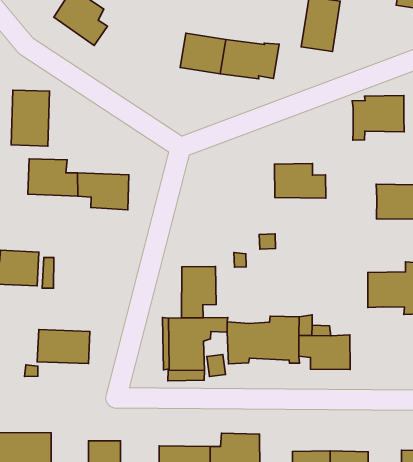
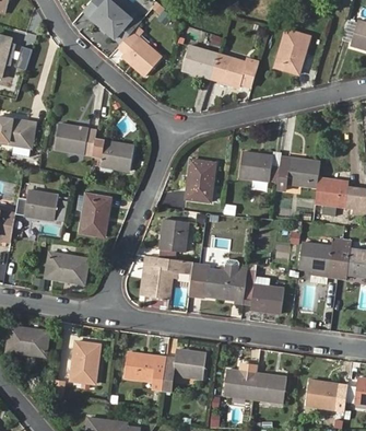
building: none -> [115,26,162,77]
building: [11,90,49,146] -> none
building: [352,95,404,140] -> [278,158,320,190]
building: none -> [186,160,215,201]
building: none -> [80,194,111,236]

